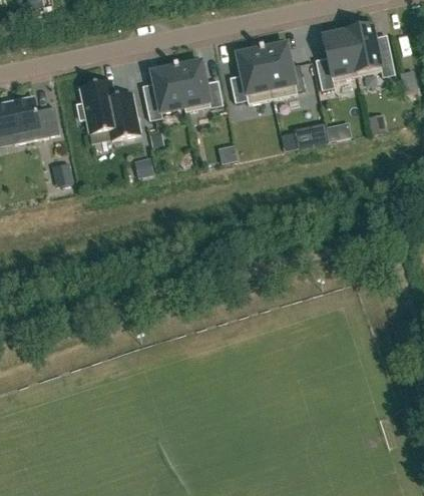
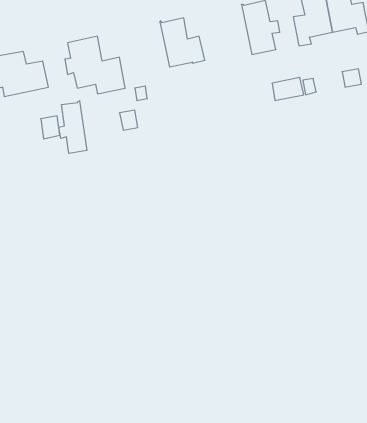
building: [230,46,273,103] -> none
building: [144,64,186,120] -> none
building: none -> [59,101,87,153]

